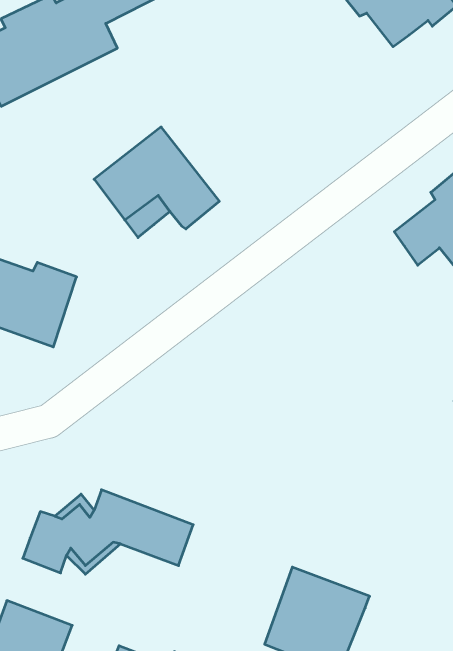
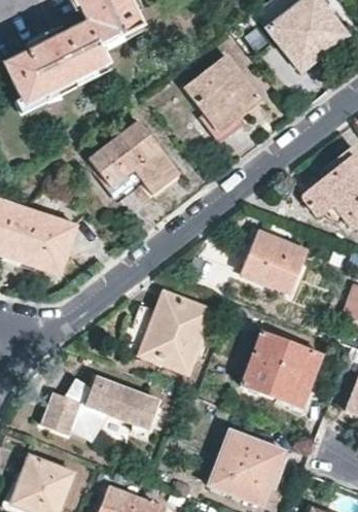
building: none -> [184,54,261,132]
building: none -> [241,231,306,291]
building: none -> [123,293,209,369]
building: none -> [241,331,321,407]

